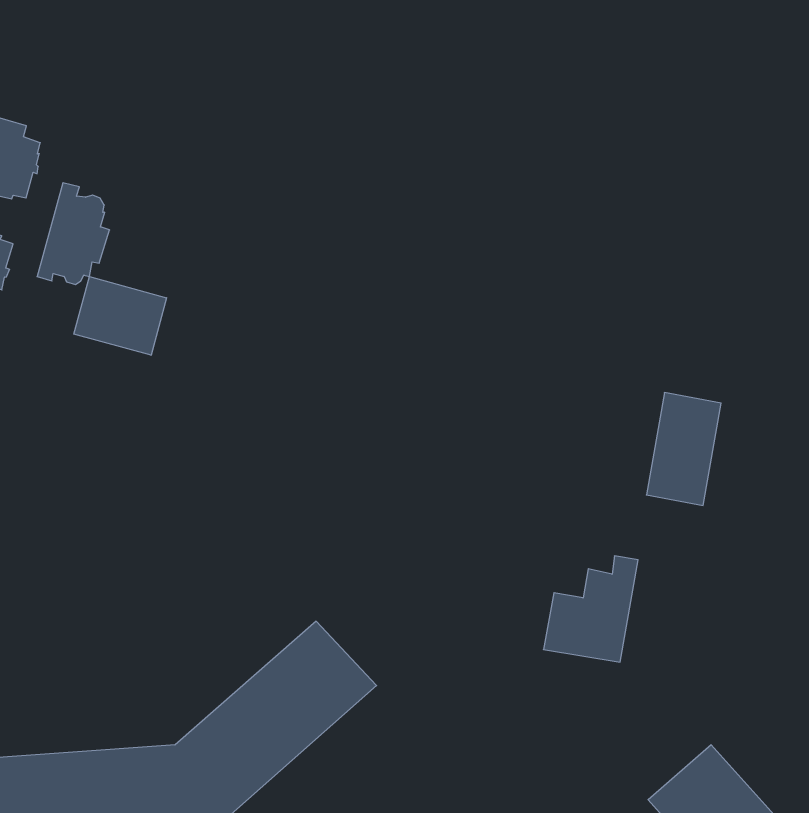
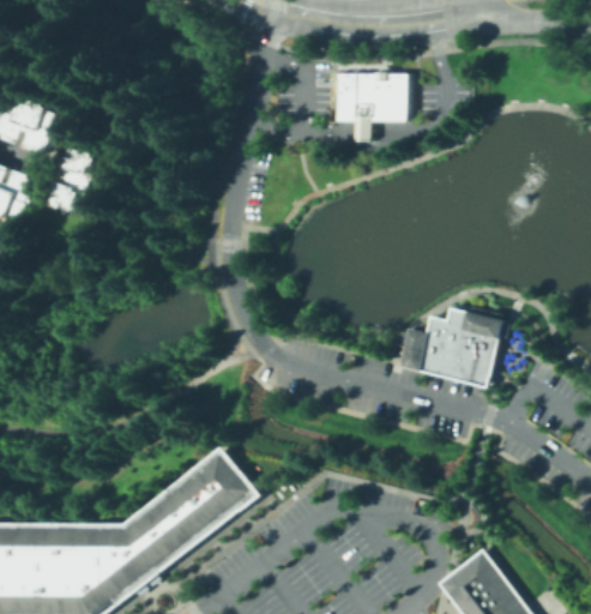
building: none -> [333,71,406,140]
building: [74,276,167,355] -> none
building: [543,556,638,662] -> [398,308,465,379]

